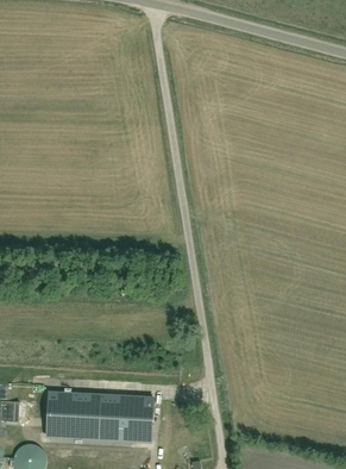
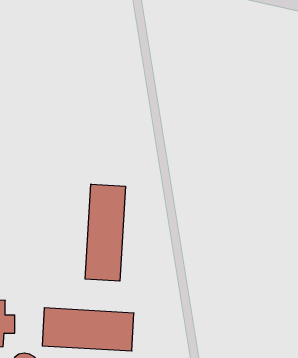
building: none -> [85,184,125,281]

